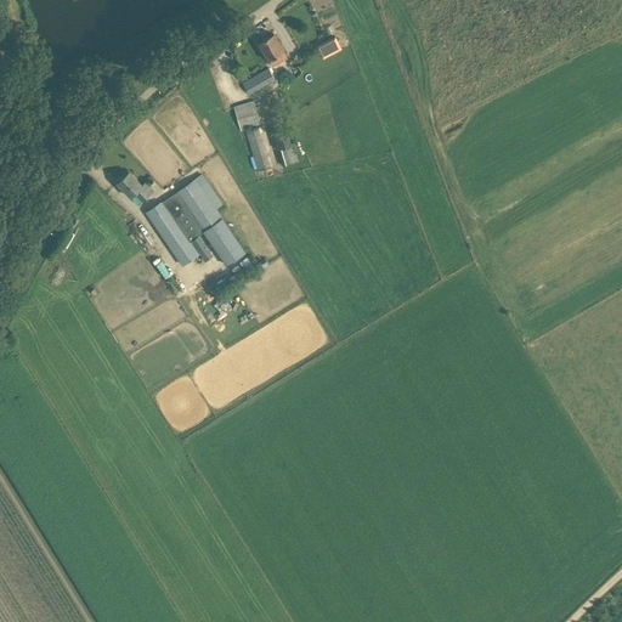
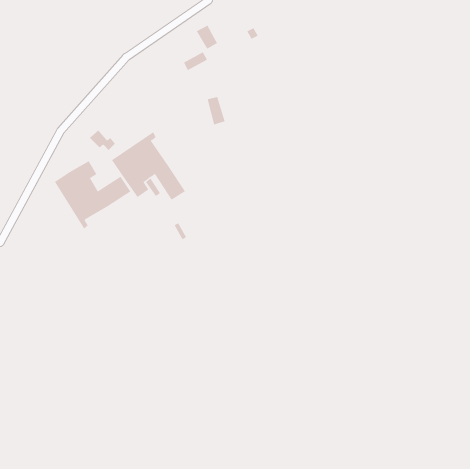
building: [233,102,271,173] -> none
building: none -> [54,161,131,230]

